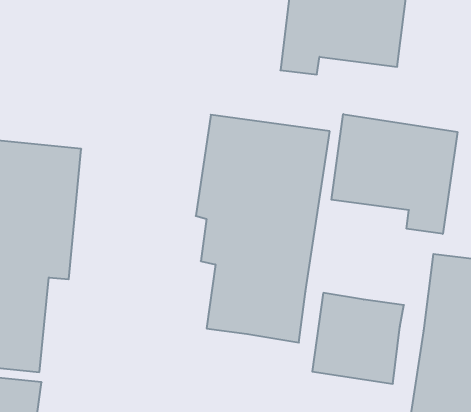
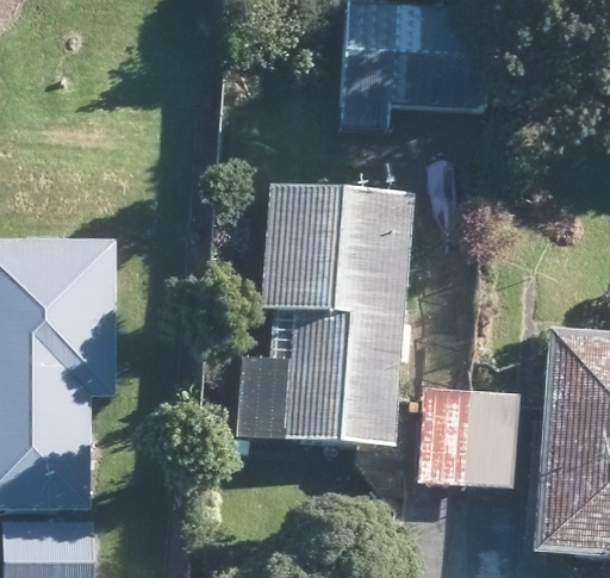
building: [331,114,457,234] -> none

